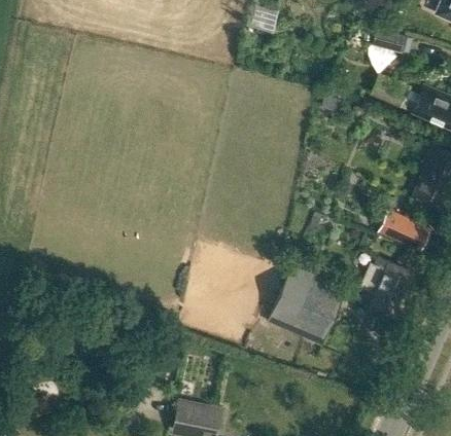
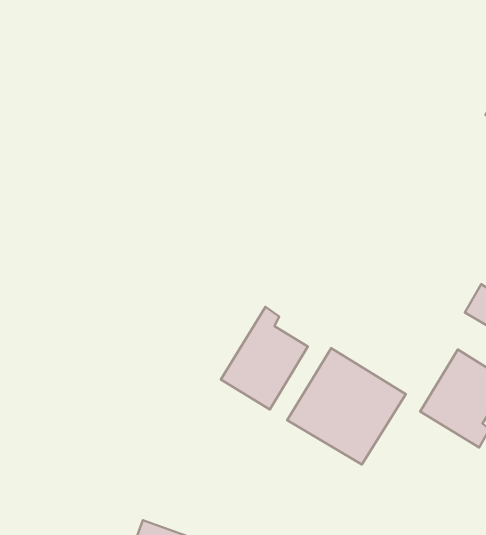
building: none -> [221,307,308,409]

